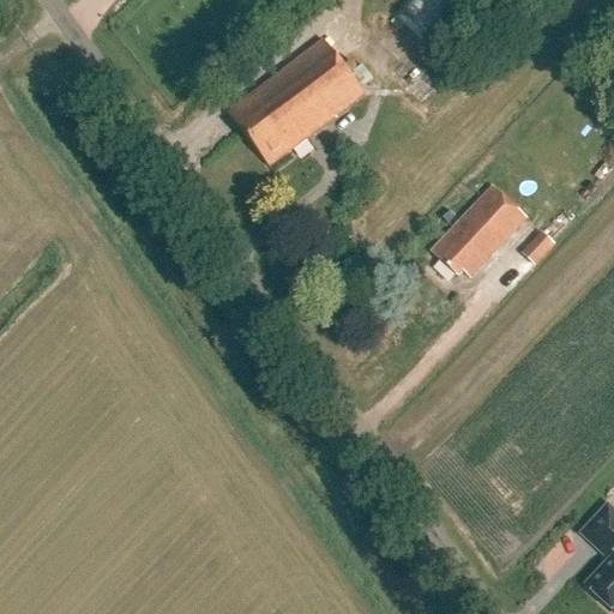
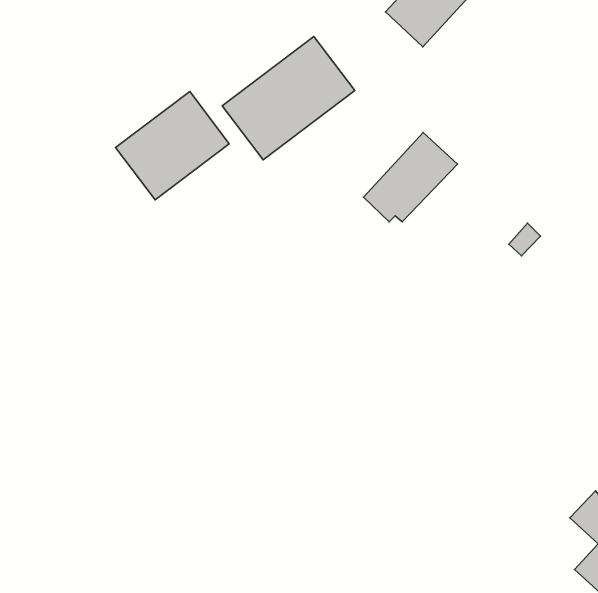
building: none -> [116,92,229,200]
building: [431,182,526,273] -> [363,133,457,222]

